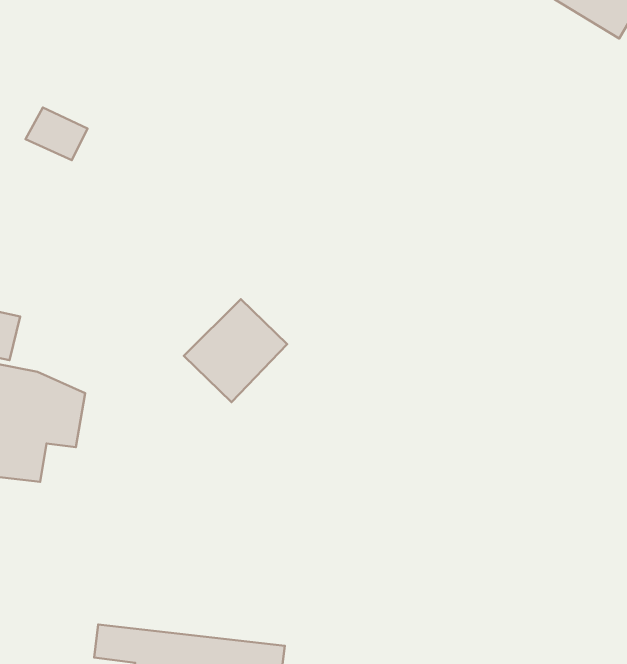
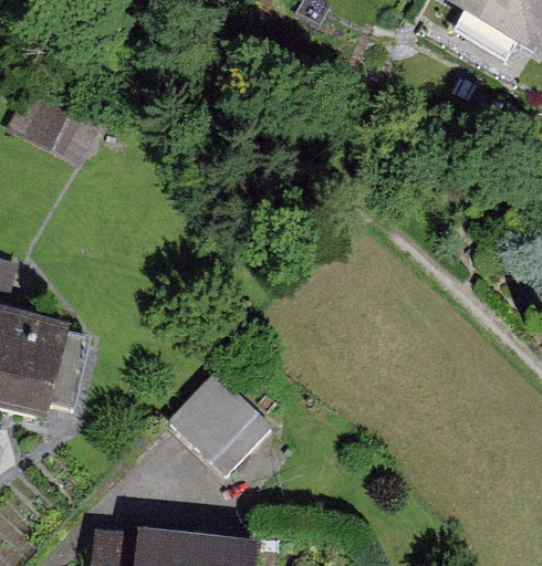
building: [184,299,287,402] -> [168,369,254,455]

